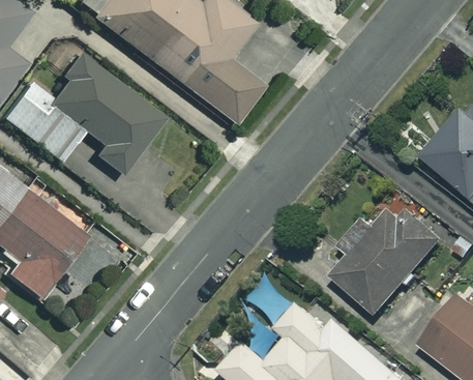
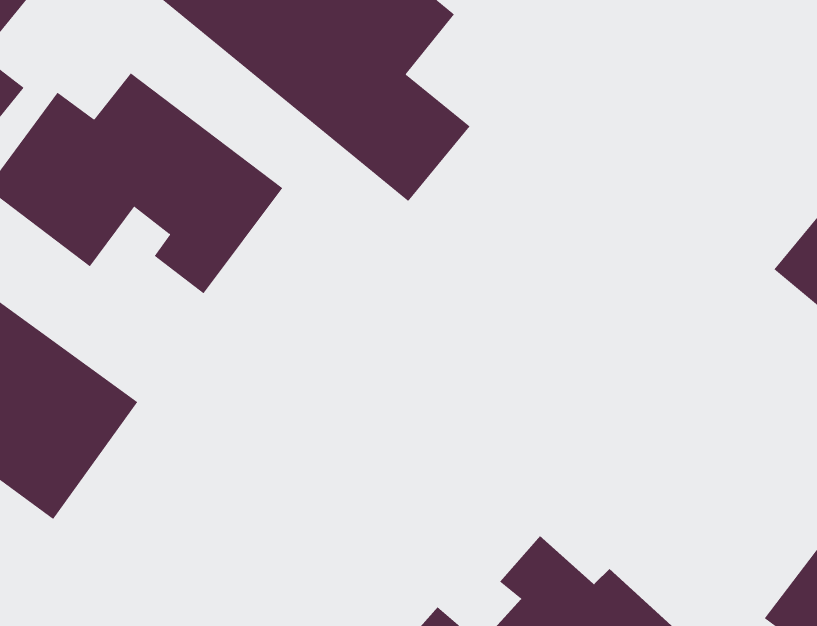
building: [334,203,444,318] -> none

